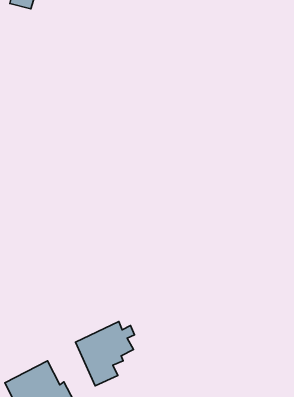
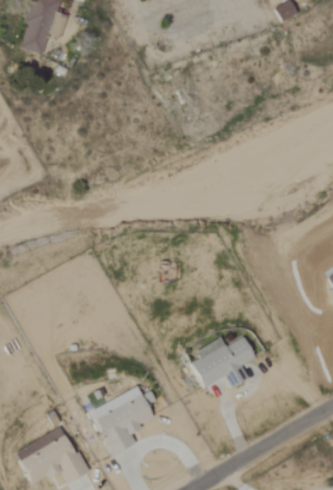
building: none -> [191,337,254,388]

